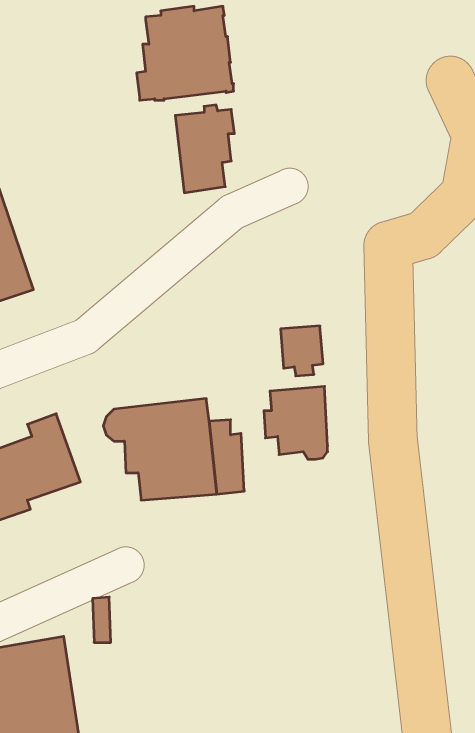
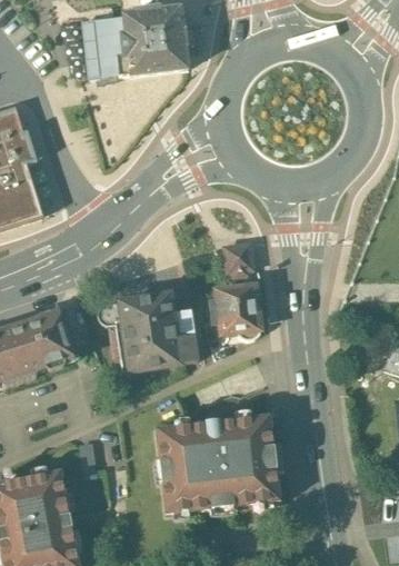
building: [175,105,234,193] -> [83,12,127,77]
building: none -> [154,415,280,512]

